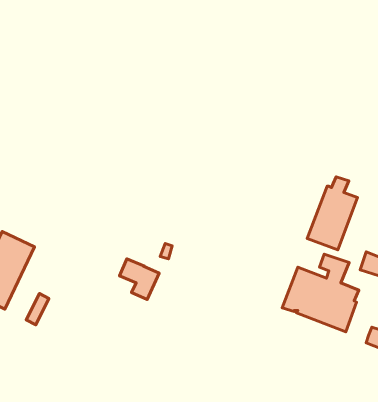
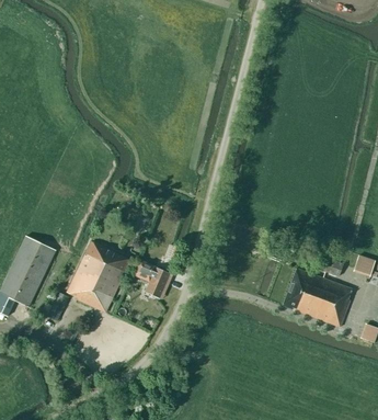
building: [307,177,357,250] -> none
building: none -> [66,241,129,311]

